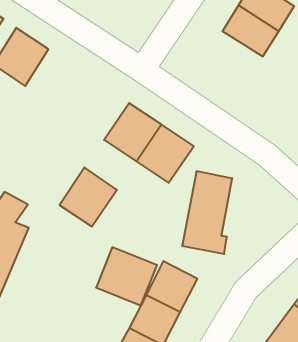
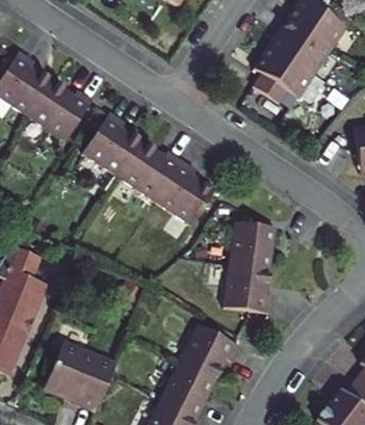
building: none -> [245,58,311,116]
building: none -> [35,79,101,145]
building: [60,167,117,227] -> [89,115,156,184]
building: [96,247,157,305] -> [40,345,110,413]

